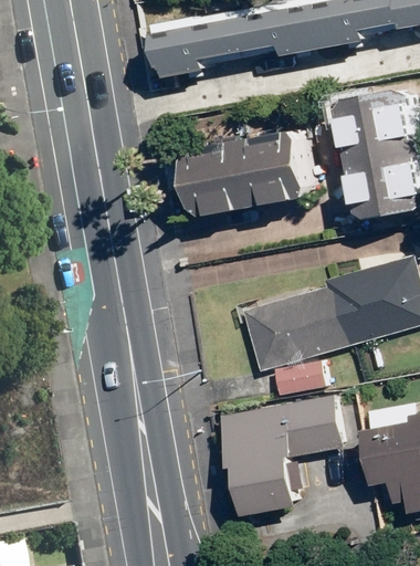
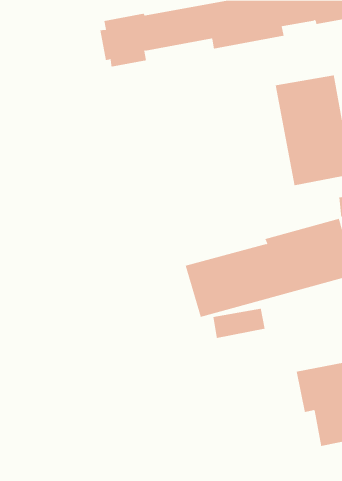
building: [186,127,311,218] -> none
building: [219,396,340,521] -> none

